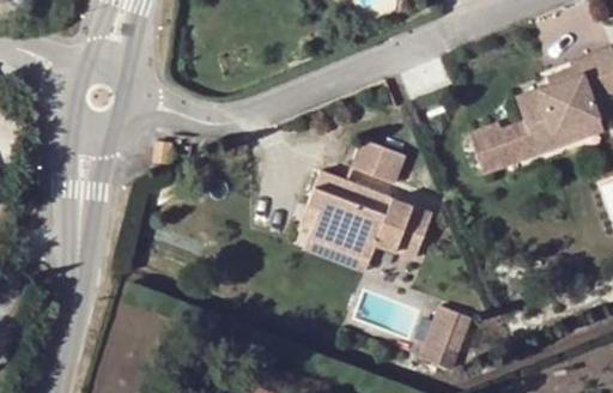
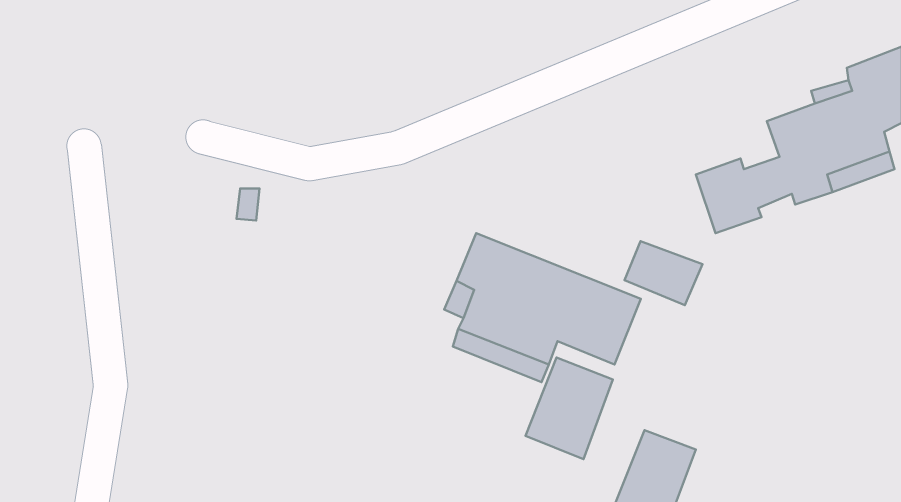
building: [354,140,407,183] -> [624,241,702,305]
building: none -> [526,357,613,459]

